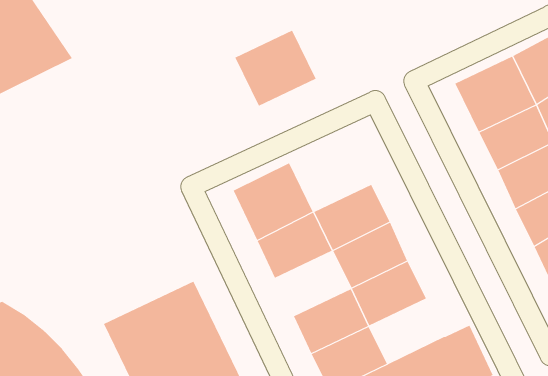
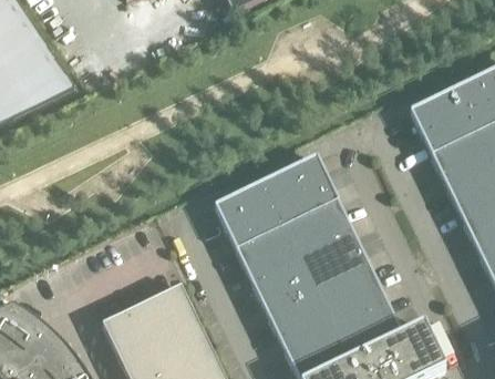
building: [235,30,317,106] -> [266,154,338,222]
building: none -> [252,256,320,314]
building: none -> [336,298,402,356]

